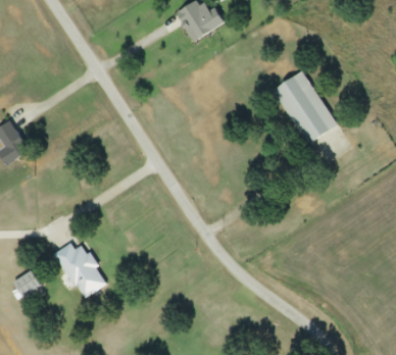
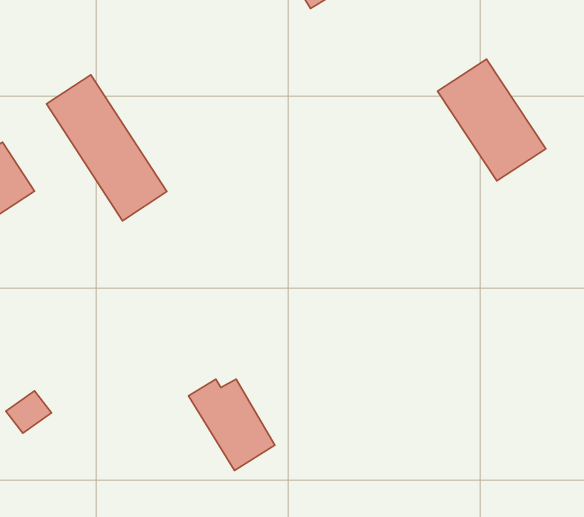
building: none -> [46,75,167,221]
building: [54,243,106,298] -> [189,379,275,470]

